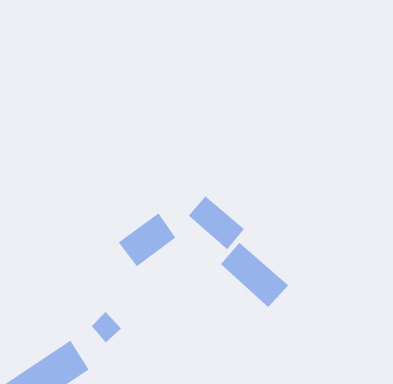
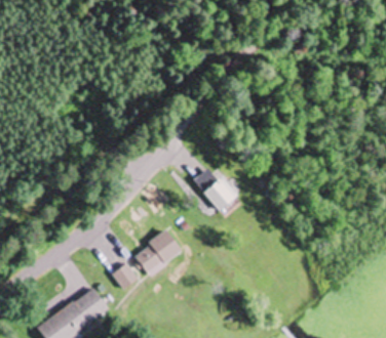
building: [118,213,176,267] -> [133,229,182,274]
building: [220,242,289,308] -> none

